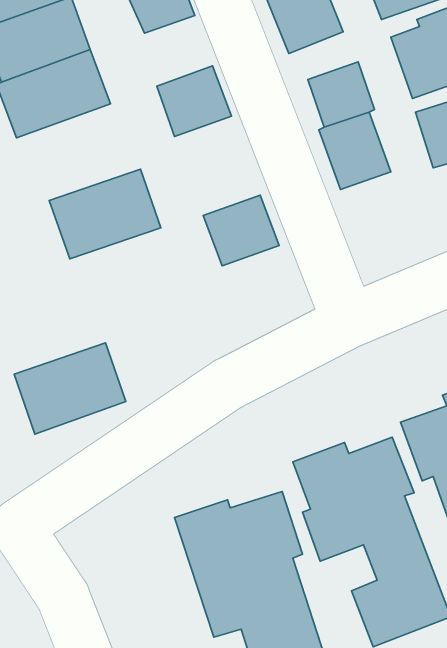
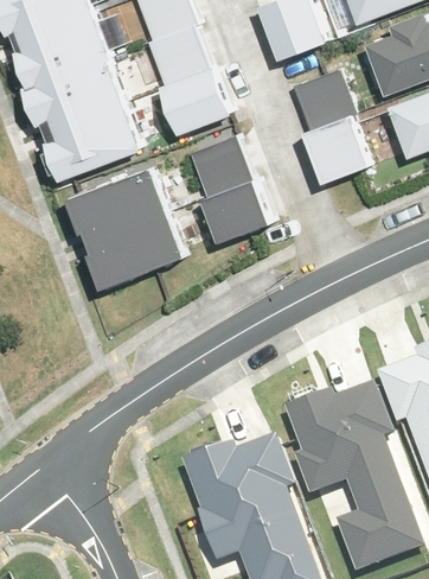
building: none -> [148,20,213,82]
building: none -> [43,97,141,173]
building: none -> [190,132,255,195]
building: [14,343,126,434] -> [89,205,186,285]

